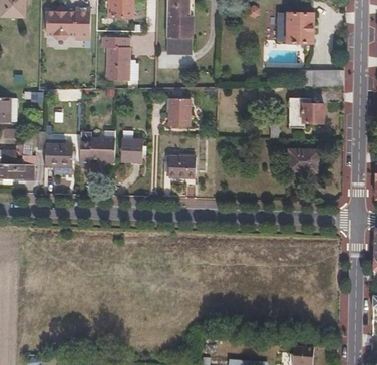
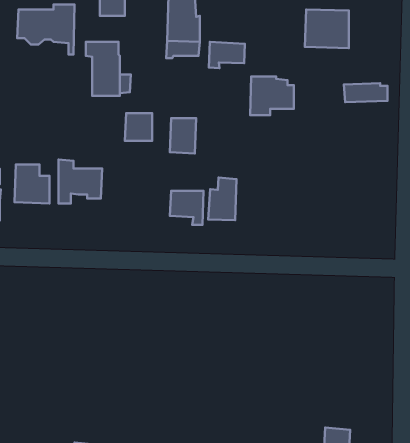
building: none -> [209,42,245,68]
building: [289,96,324,127] -> [250,76,294,115]
building: [120,139,142,161] -> [125,113,152,141]
building: none -> [208,178,237,220]
building: [288,149,318,171] -> none

